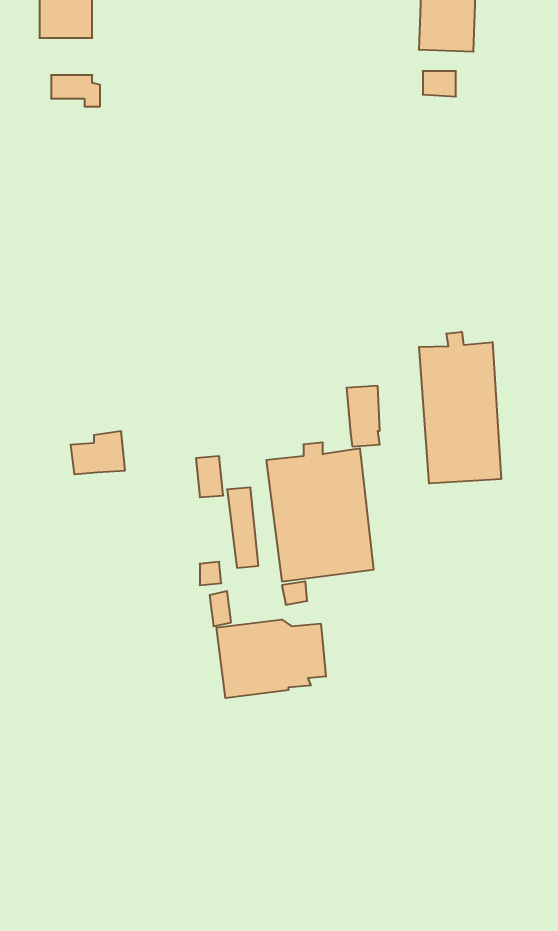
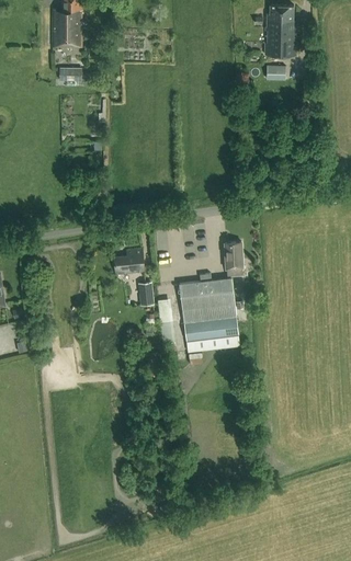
building: [419,332,501,484] -> none
building: [70,431,125,474] -> [113,250,144,274]
building: [216,619,326,698] -> none

